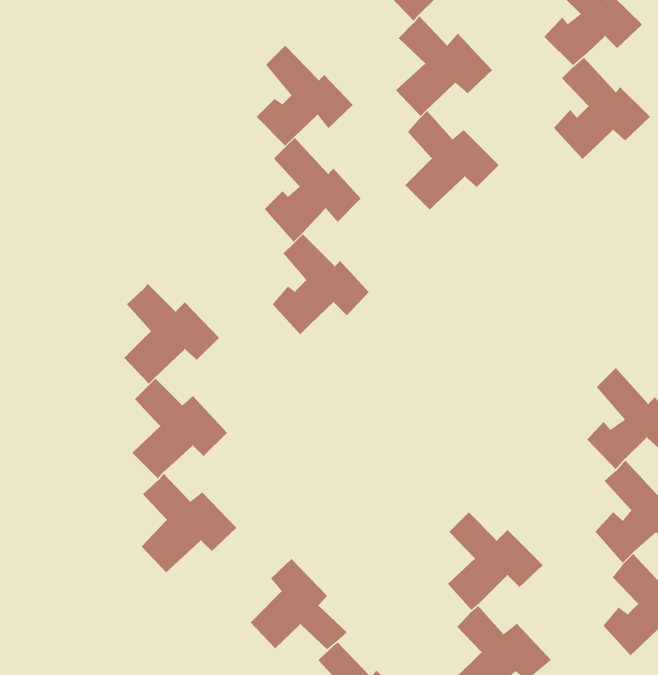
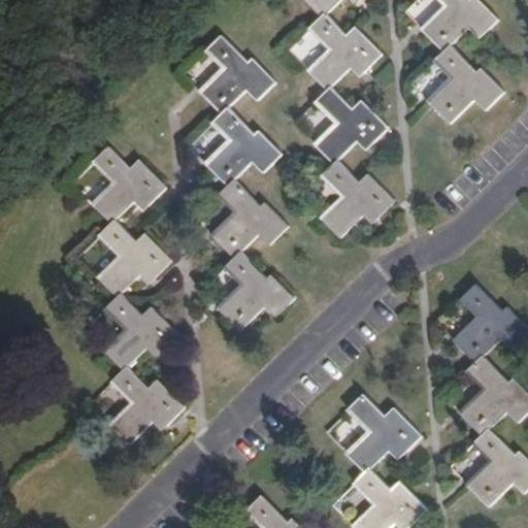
building: none -> [92,146,165,224]
building: none -> [319,158,393,237]
building: none -> [217,251,293,331]
building: [250,558,347,650] -> none

